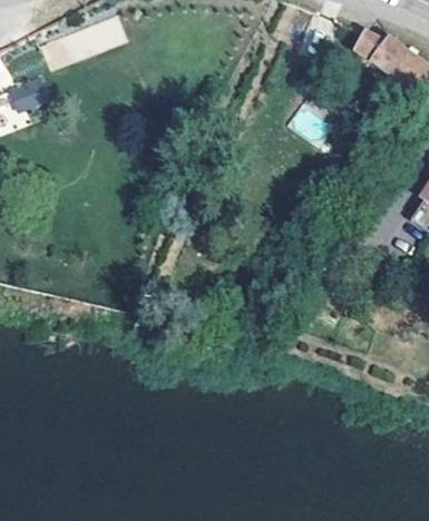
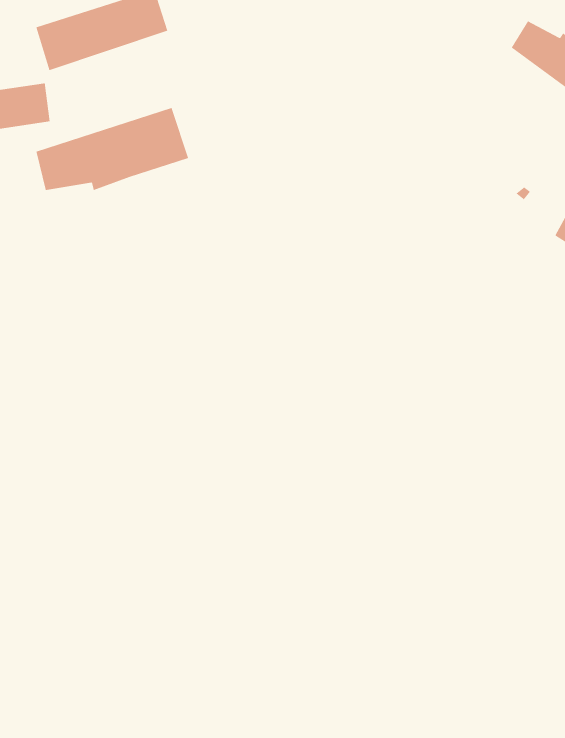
building: none -> [36,107,189,191]

